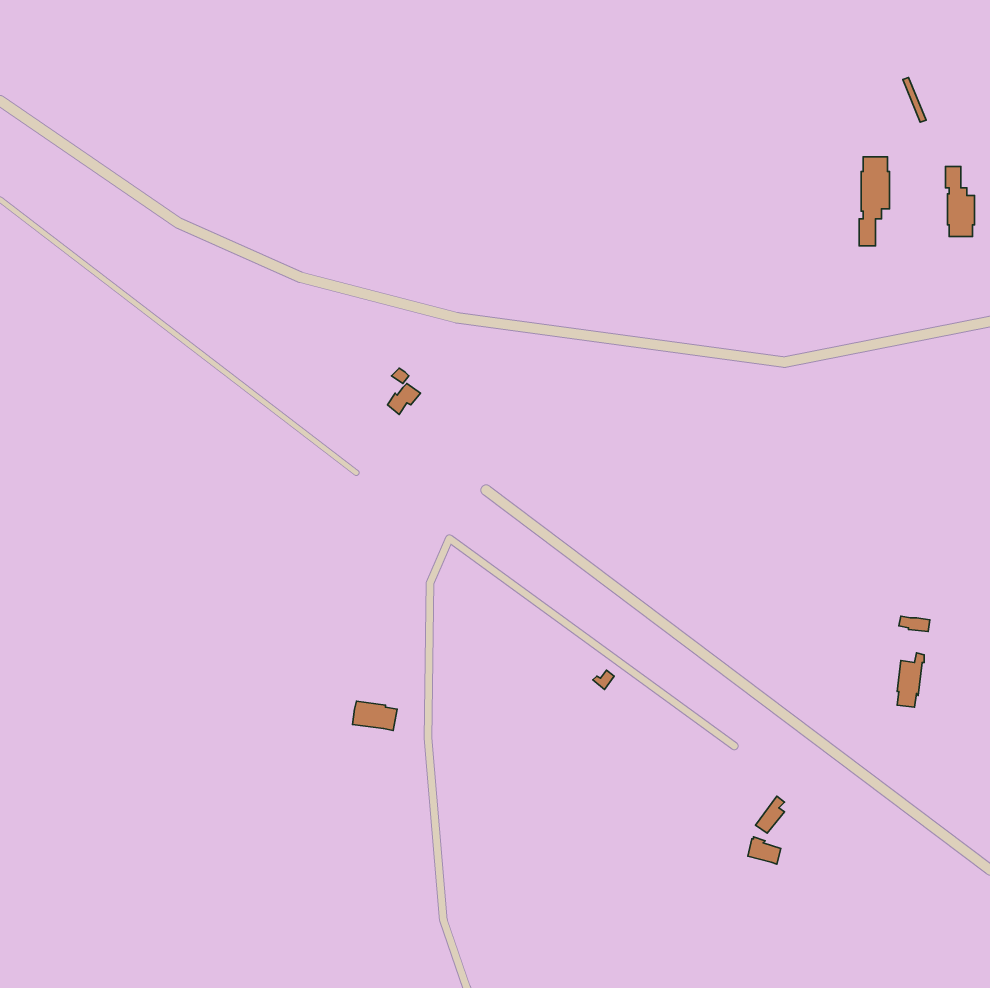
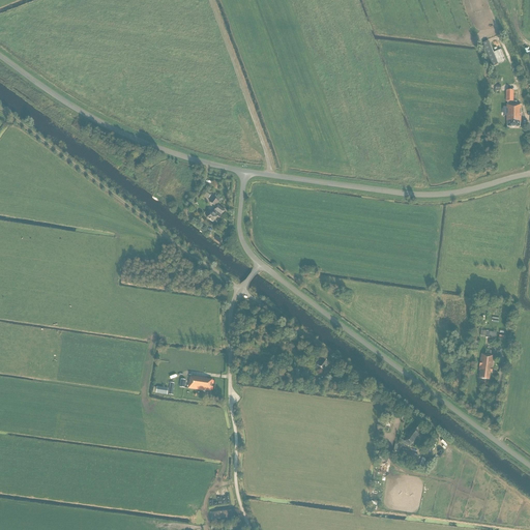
building: [859,157,889,246] -> none

